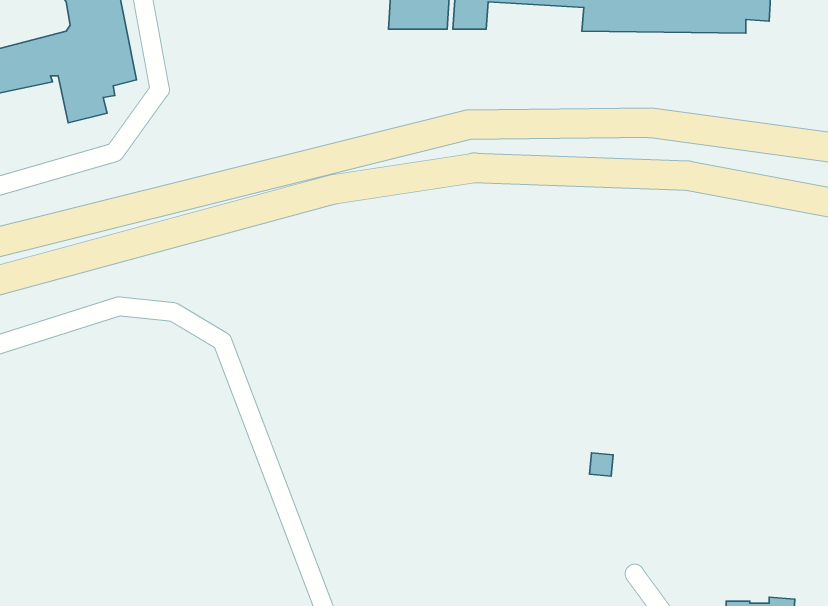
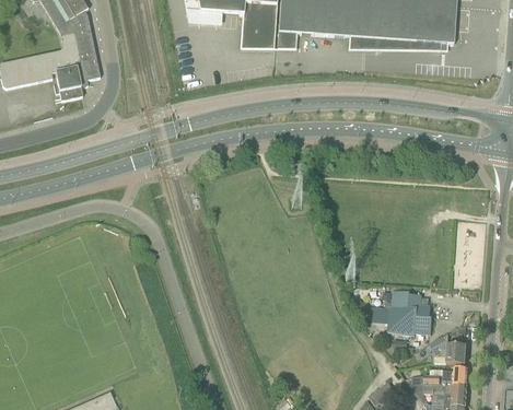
building: none -> [372,289,432,333]
building: none -> [429,332,466,363]

